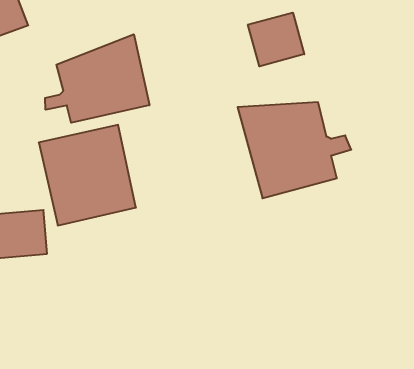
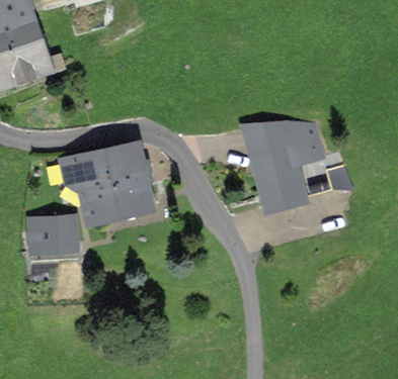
building: [248,13,304,66] -> none
building: [45,34,149,123] -> none

